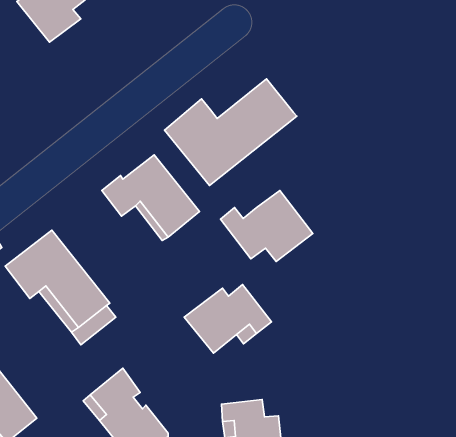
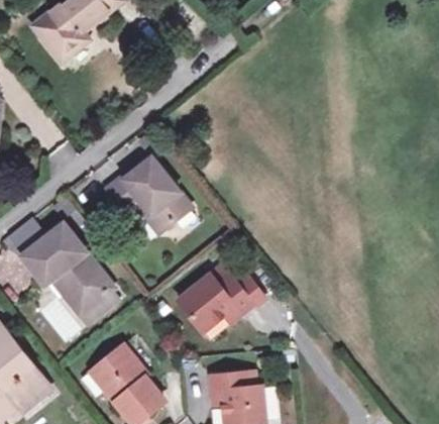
building: [164,79,297,186] -> none
building: [221,190,313,261] -> none

